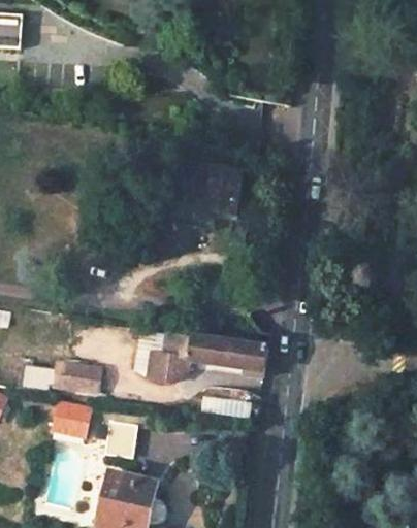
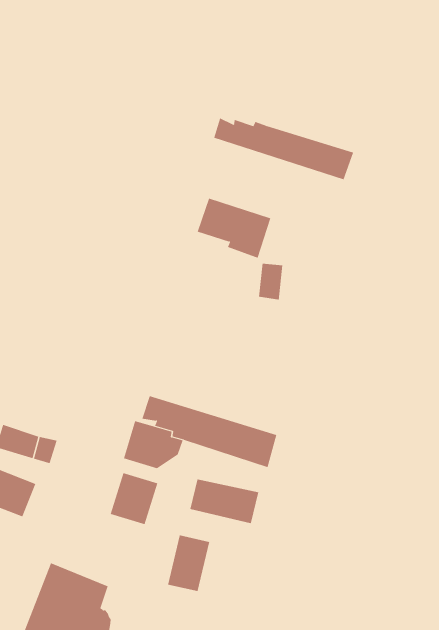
building: none -> [214,118,354,180]
building: [103,420,136,457] -> [110,472,158,525]
building: none -> [168,534,210,592]

